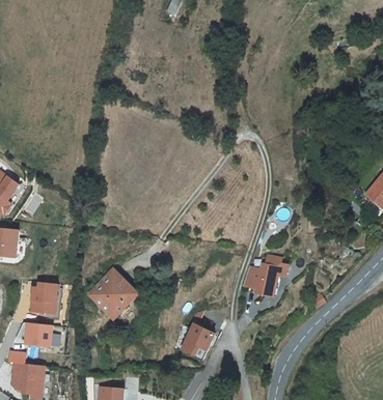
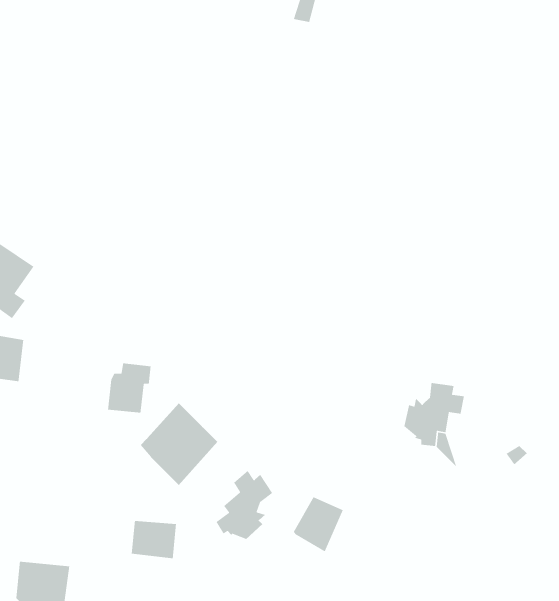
building: [27,281,54,312] -> [107,362,151,414]
building: none -> [216,470,273,540]
building: [25,322,53,346] -> [131,520,177,559]

